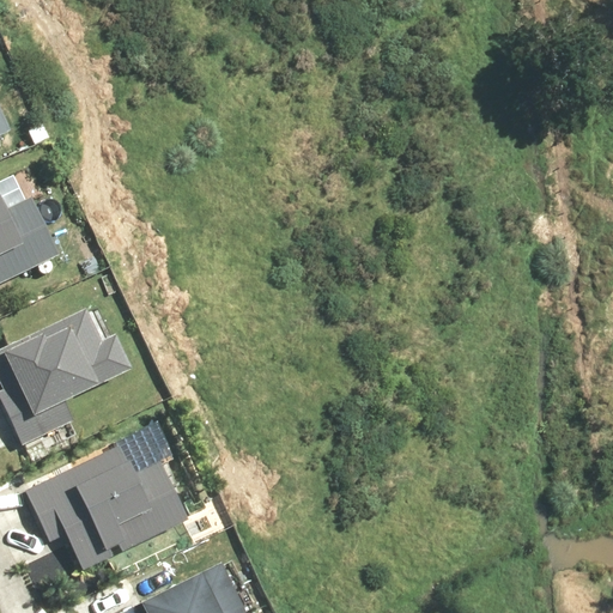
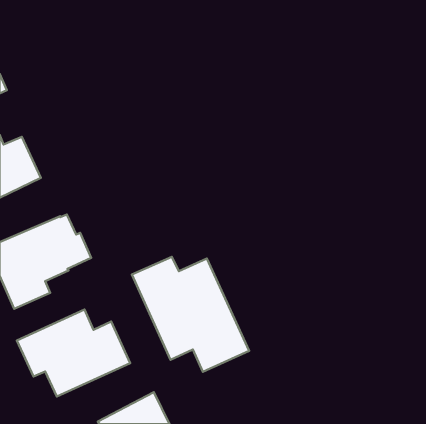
building: none -> [132,257,249,372]

